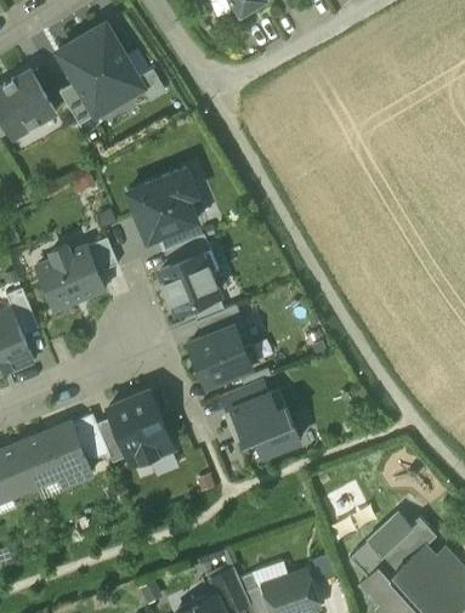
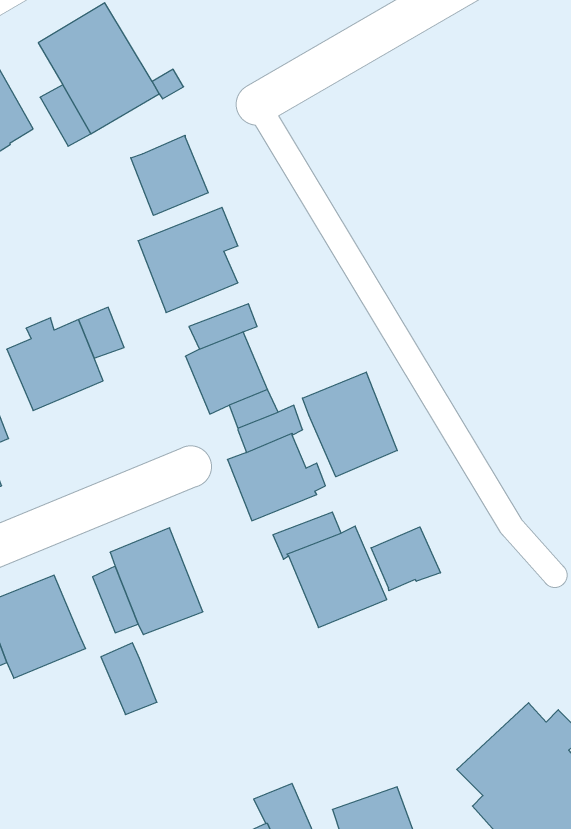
building: none -> [131,135,208,215]
building: none -> [302,372,397,477]
building: none -> [371,527,440,591]
building: [69,413,108,462] -> [101,643,157,715]

